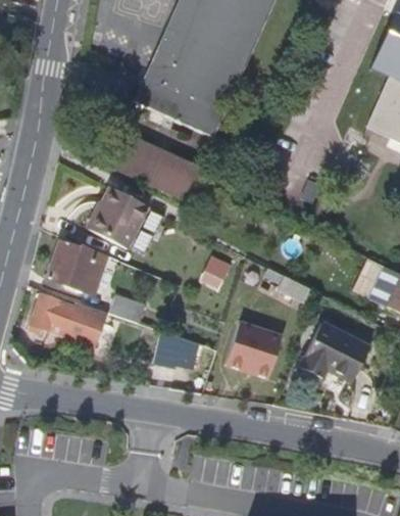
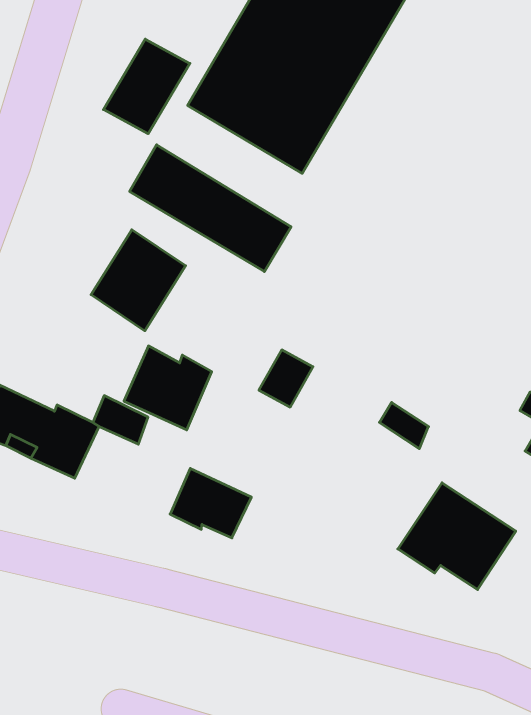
building: none -> [103,39,190,134]
building: [47,241,99,290] -> [124,346,212,430]
building: [226,316,285,376] -> none

